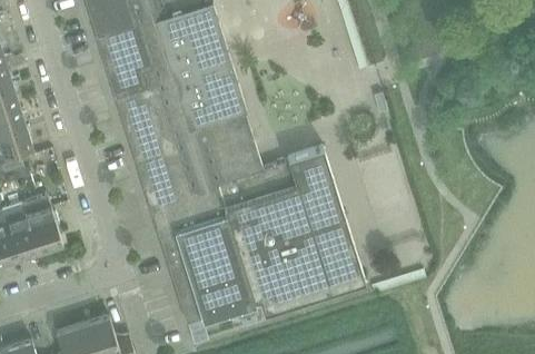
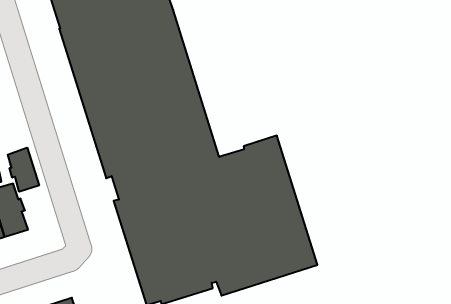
building: none -> [8,148,39,192]

